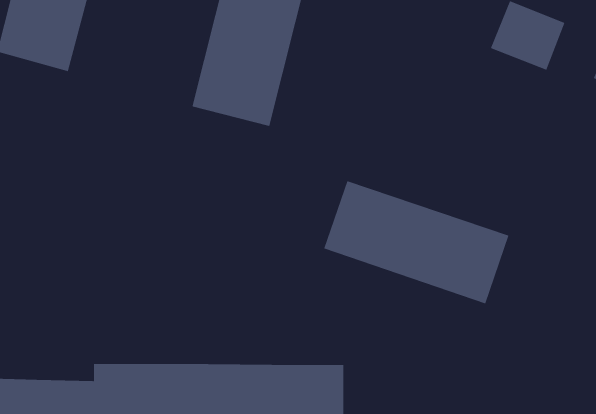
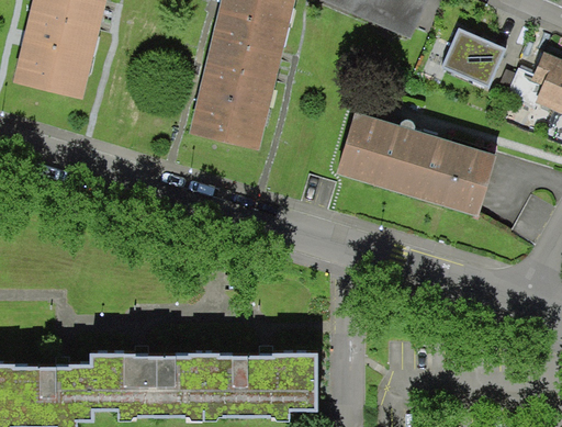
building: [323,180,510,305] -> [329,111,494,221]

